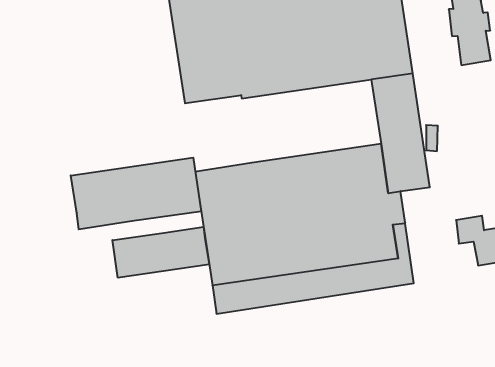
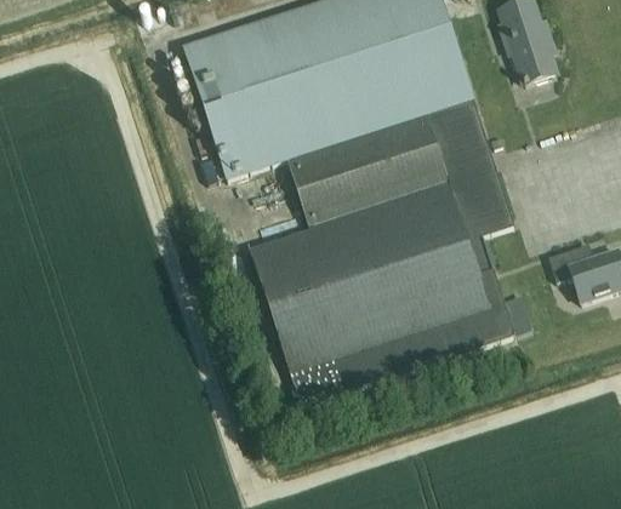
building: none -> [287,113,450,227]
building: [71,158,201,229] -> none
building: [112,227,209,278] -> none

